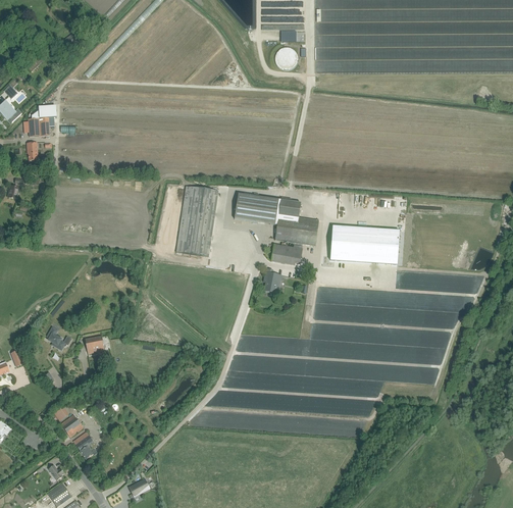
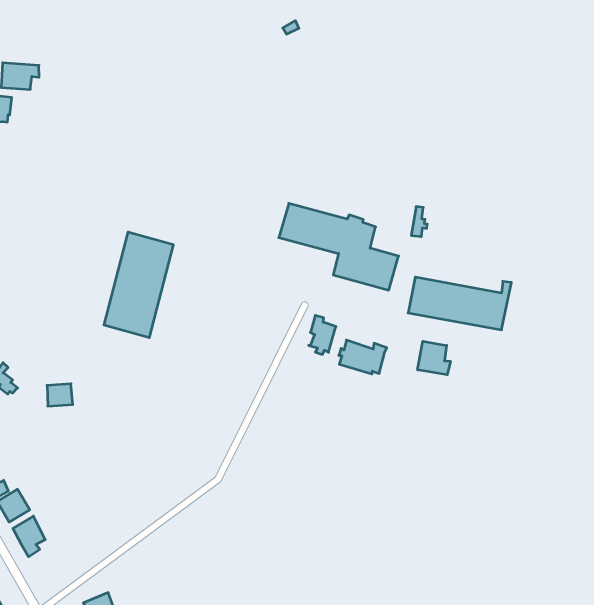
building: [175,185,217,256] -> [104,232,173,338]
building: [269,243,302,264] -> [339,340,387,374]
building: none -> [418,341,450,375]

